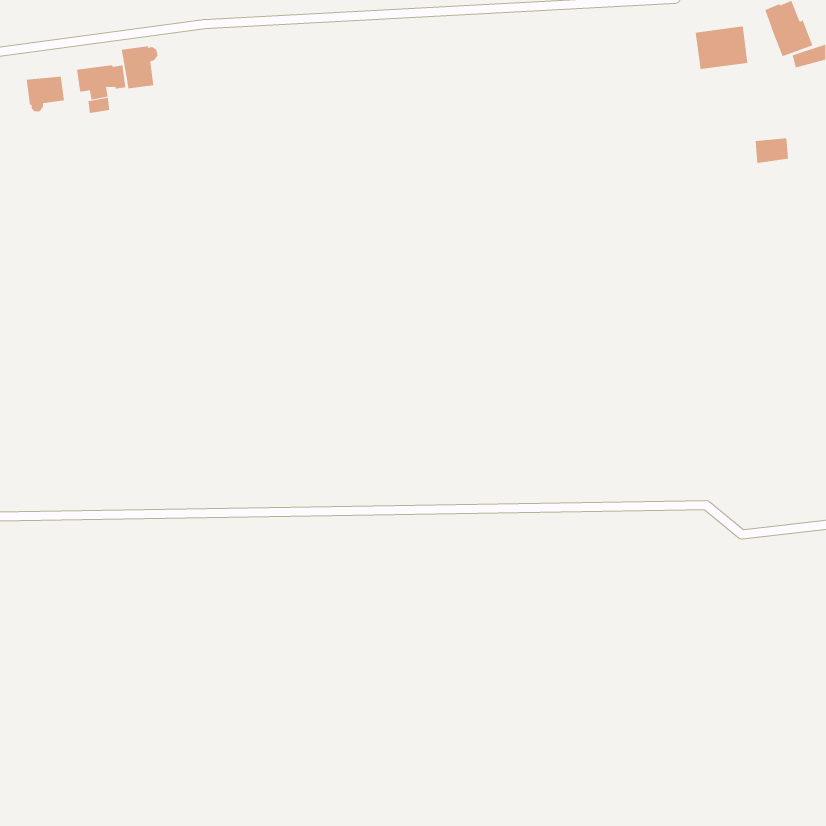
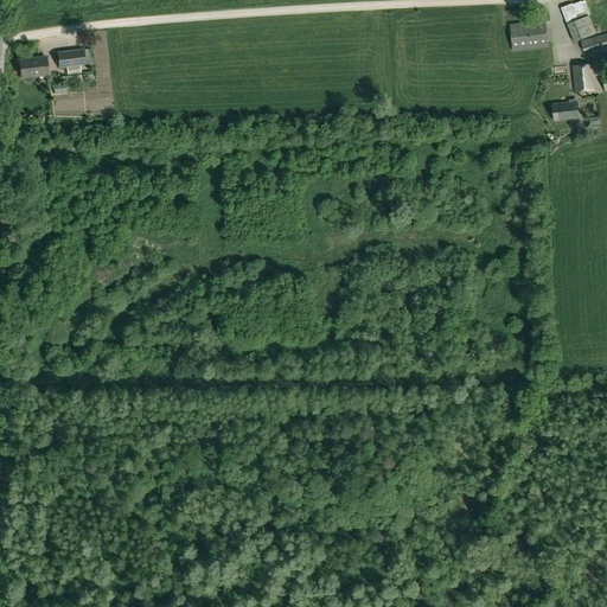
building: [121,45,158,89] -> none
building: none -> [571,63,594,91]

